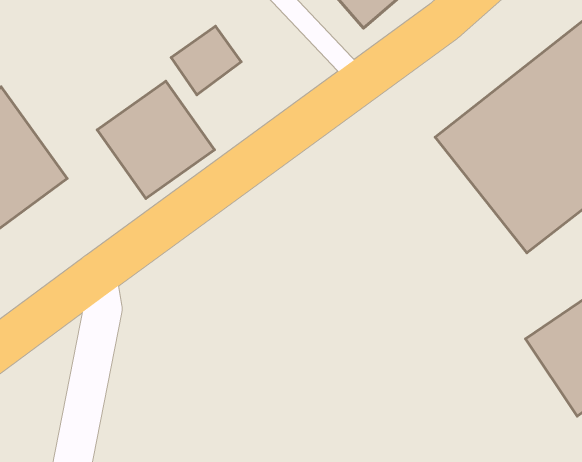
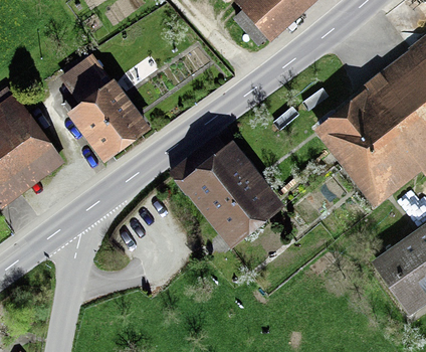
building: [171,26,241,95] -> [64,59,114,108]
building: none -> [176,137,290,253]

